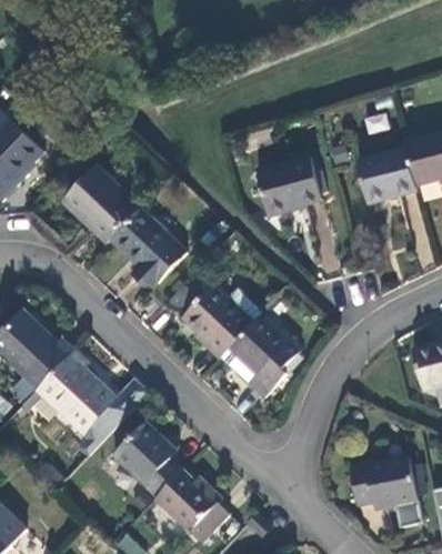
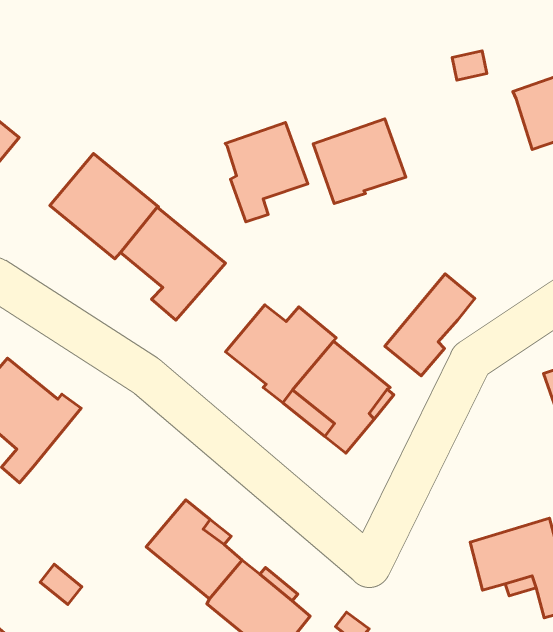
building: [356,149,415,203] -> none
building: none -> [225,123,308,222]
building: none -> [385,274,475,376]
building: [36,351,117,435] -> none

